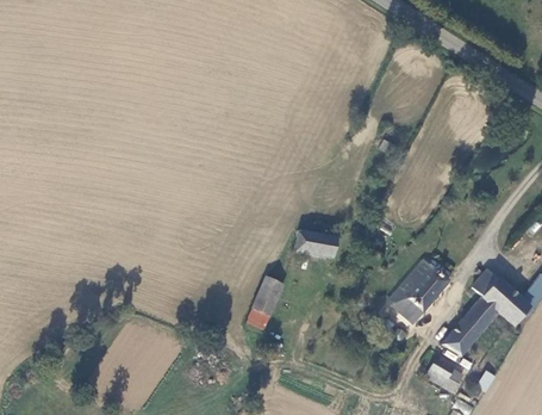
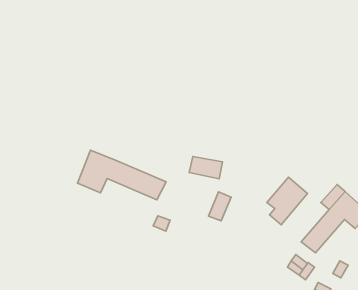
building: none -> [77,150,166,200]
building: [251,277,281,315] -> [209,192,231,221]

